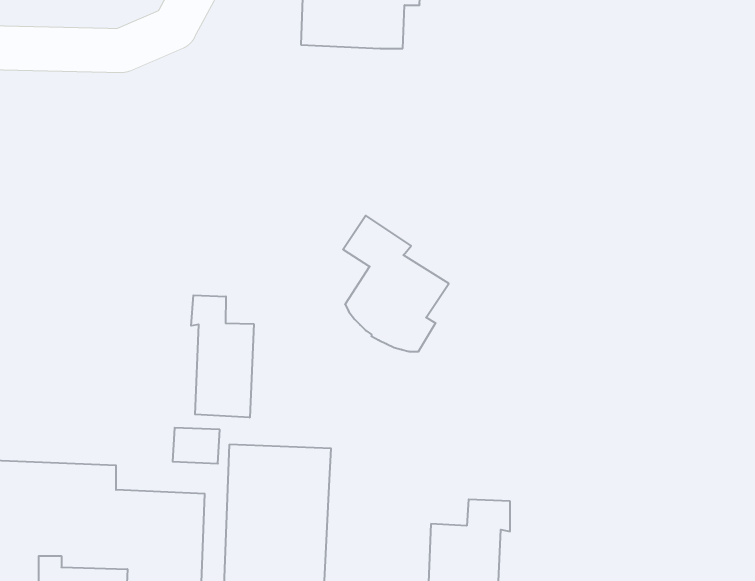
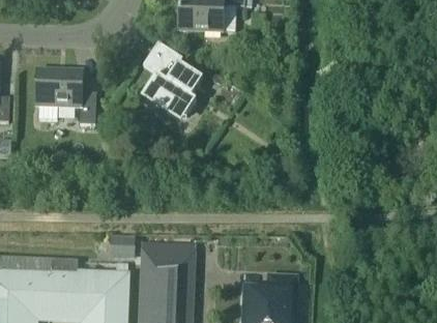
building: none -> [37,67,95,122]
building: [343,216,449,351] -> [145,39,203,114]
building: [191,295,254,418] -> none

